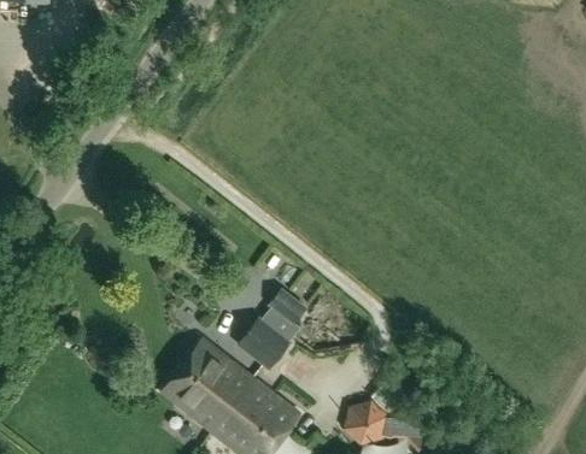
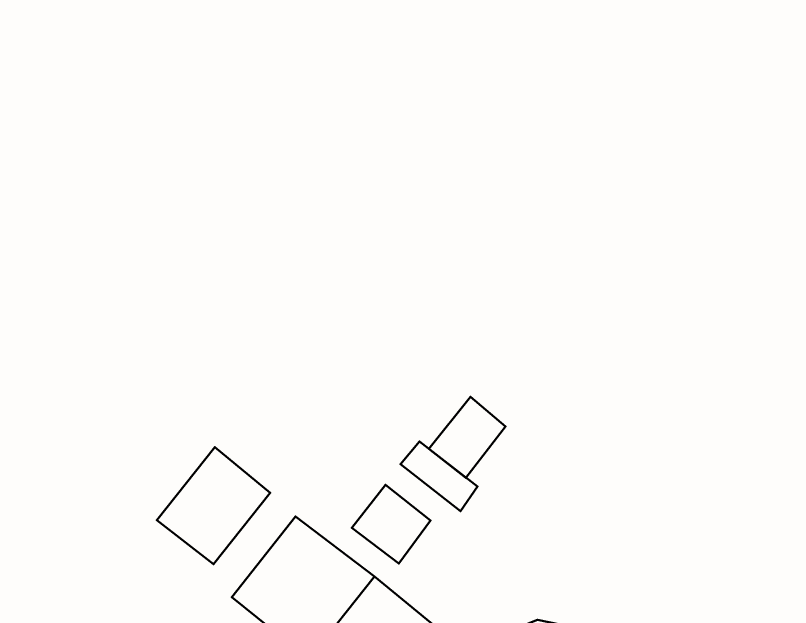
building: none -> [429,397,506,478]
building: none -> [157,447,270,564]

